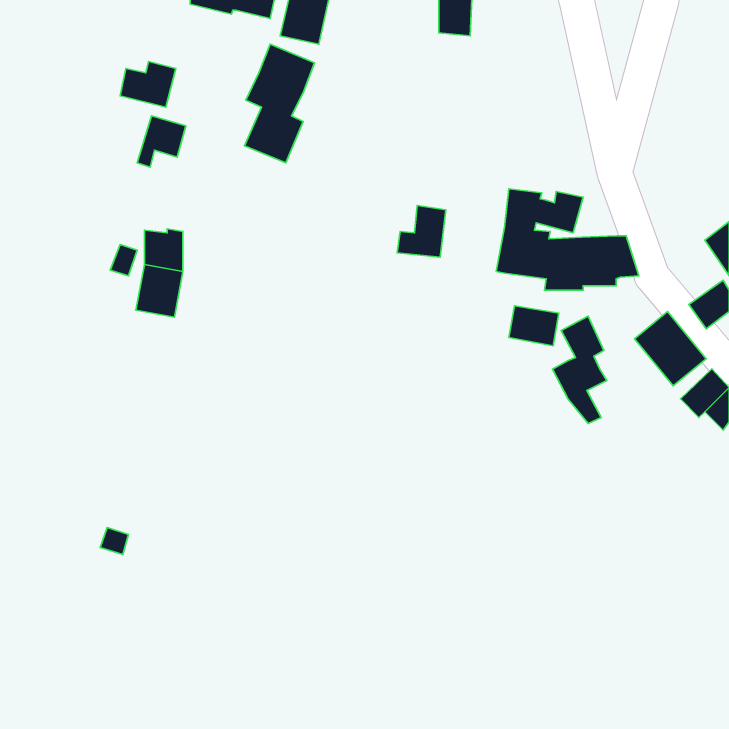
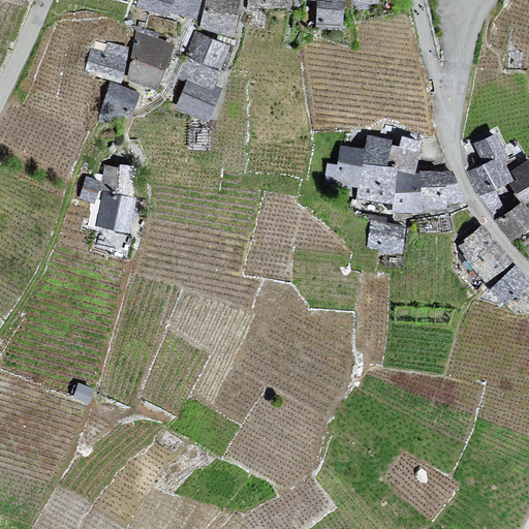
building: none -> [127,35,172,86]
building: [397,206,446,257] -> [326,146,362,183]
building: [553,316,607,423] -> [468,133,507,211]

